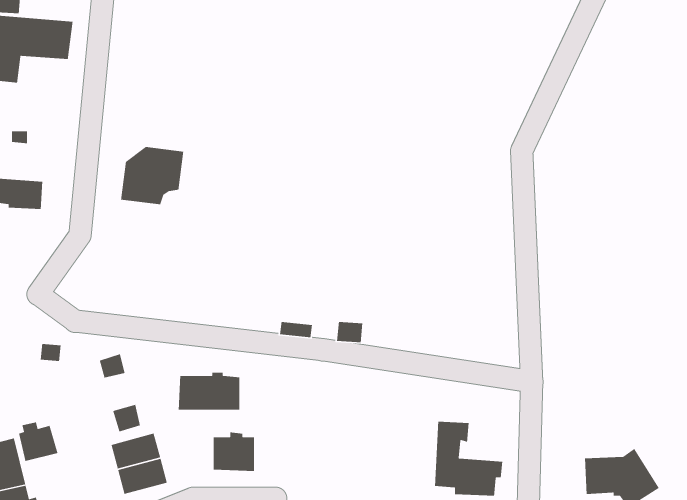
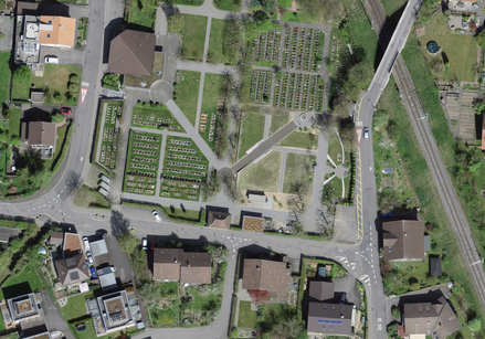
building: [120,146,184,205] -> [110,33,152,72]
building: none -> [389,220,419,255]
building: none -> [246,262,288,288]
building: [18,421,59,462] -> [60,255,86,282]
building: [213,431,255,472] -> [182,253,210,279]

